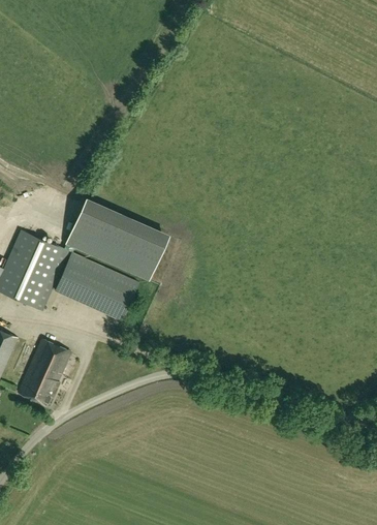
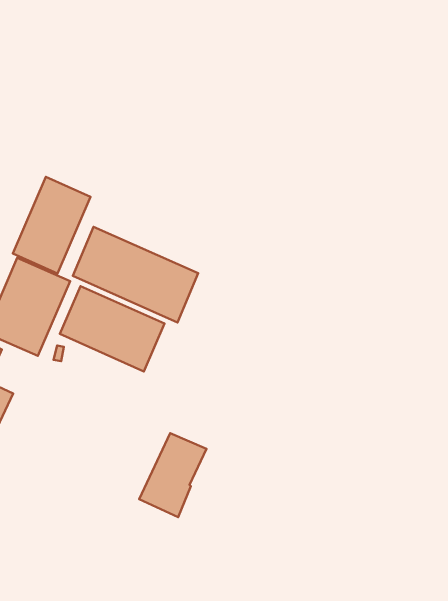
building: none -> [13,177,91,273]
building: [18,340,71,407] -> [139,433,206,517]

